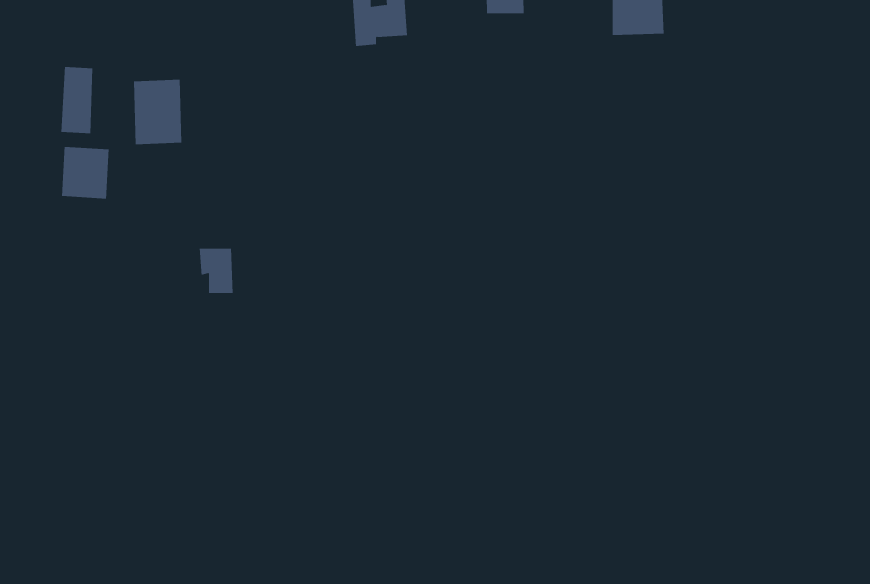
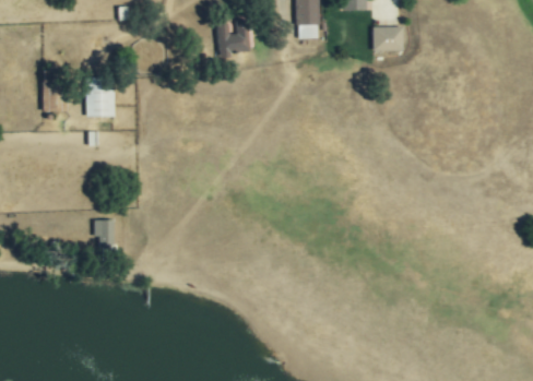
building: [61,146,109,199] -> none
building: [199,248,234,294] -> [94,221,115,248]

